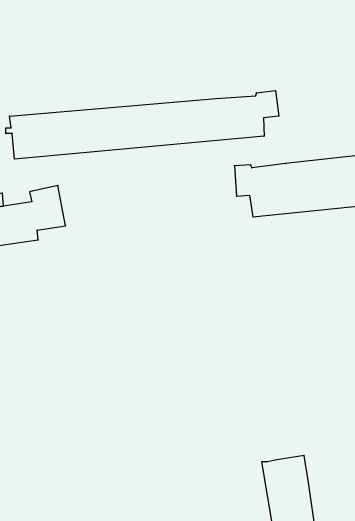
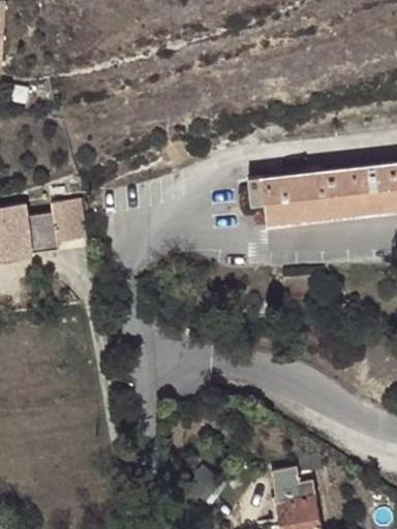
building: [6,91,279,159] -> none

